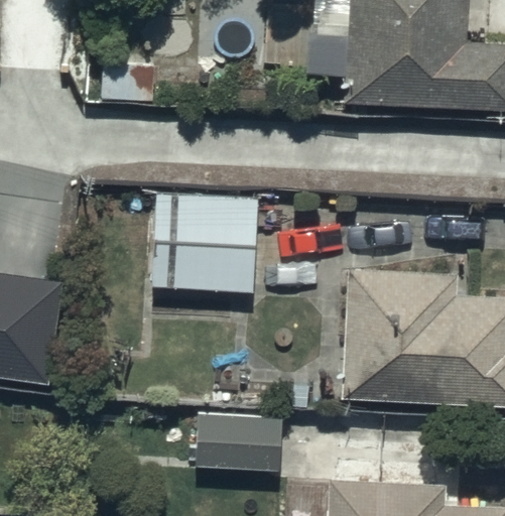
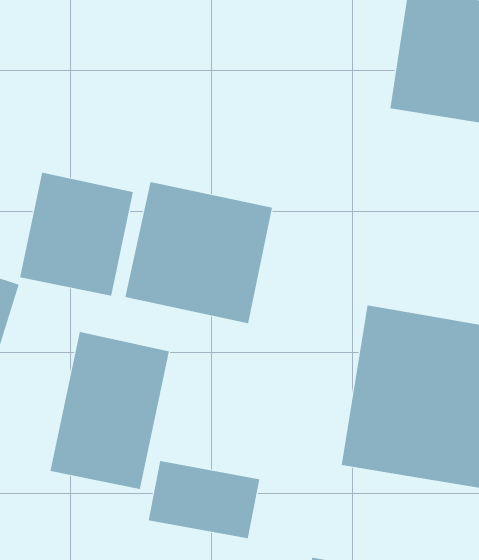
building: none -> [19,172,134,297]
building: none -> [50,331,170,490]

